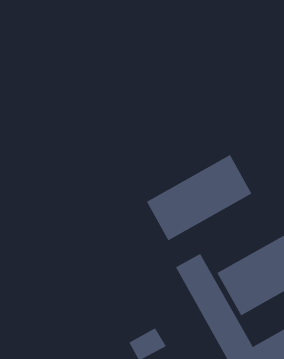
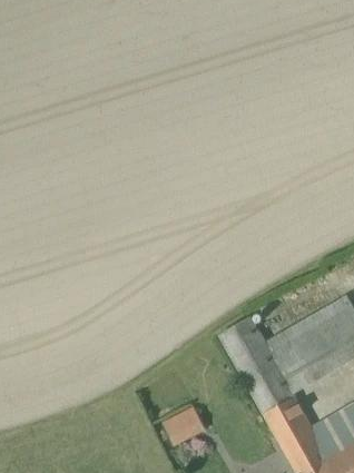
building: [146,154,252,241] -> none

